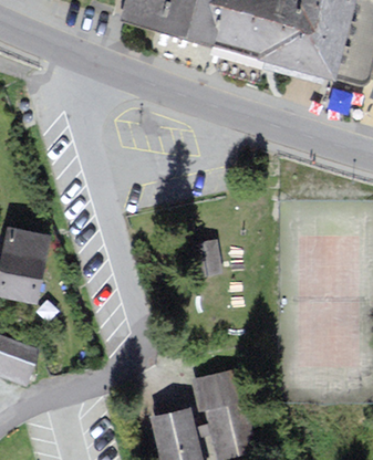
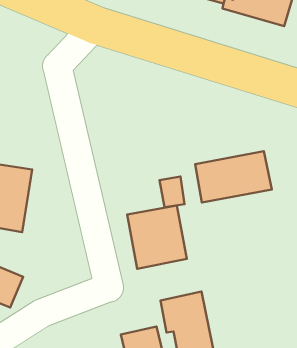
building: none -> [195,151,272,203]
building: none -> [127,206,187,269]

